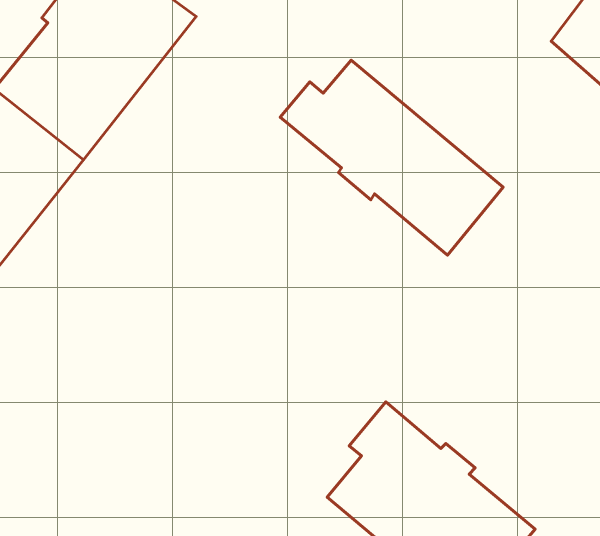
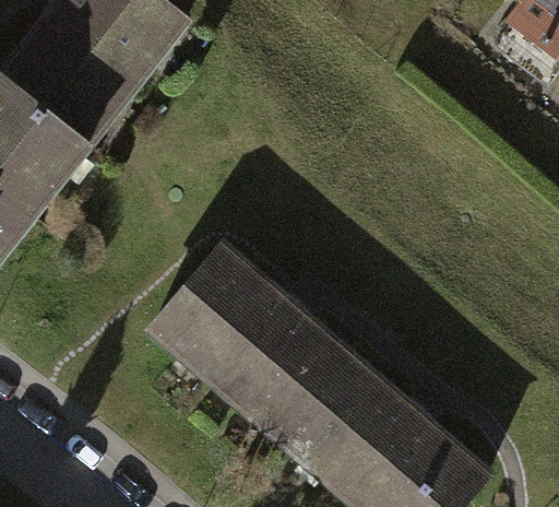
building: [280,60,503,255] -> none
building: none -> [153,248,352,448]

